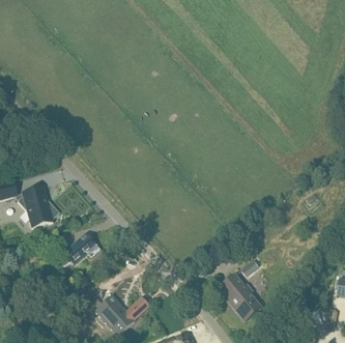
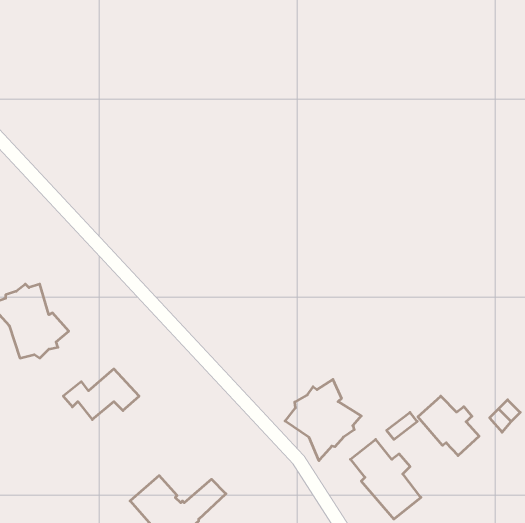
building: none -> [285,379,361,461]
building: none -> [418,396,479,456]

